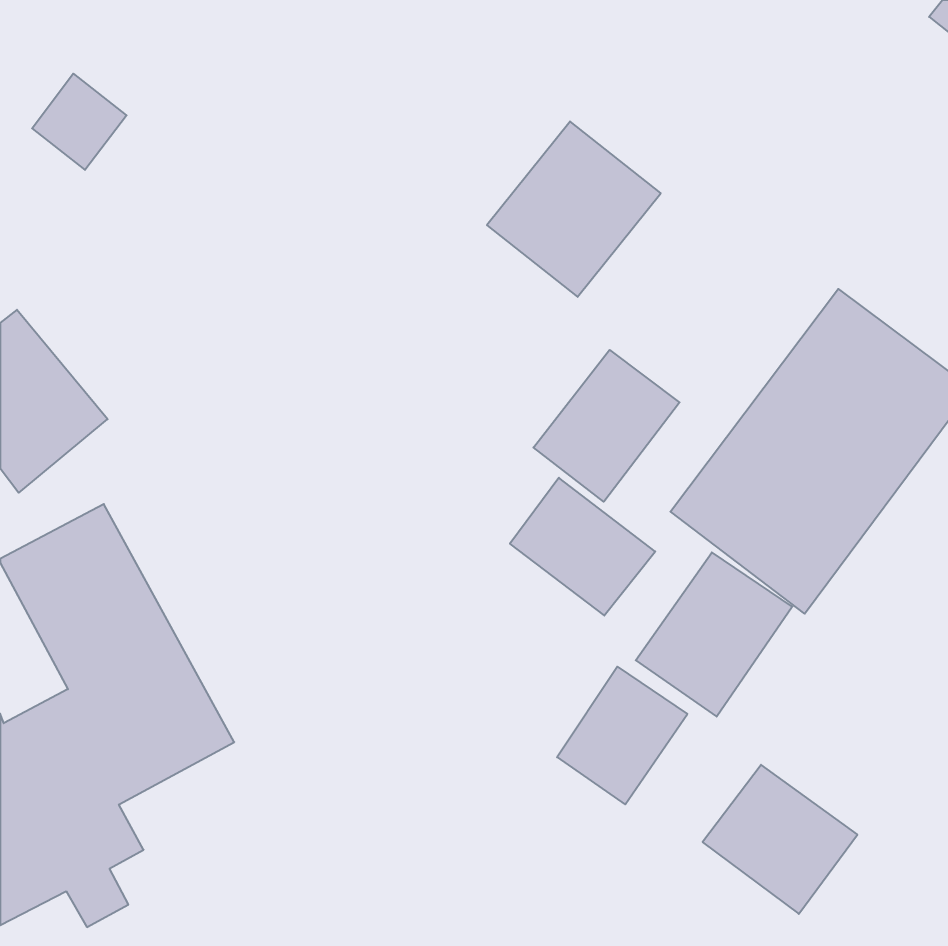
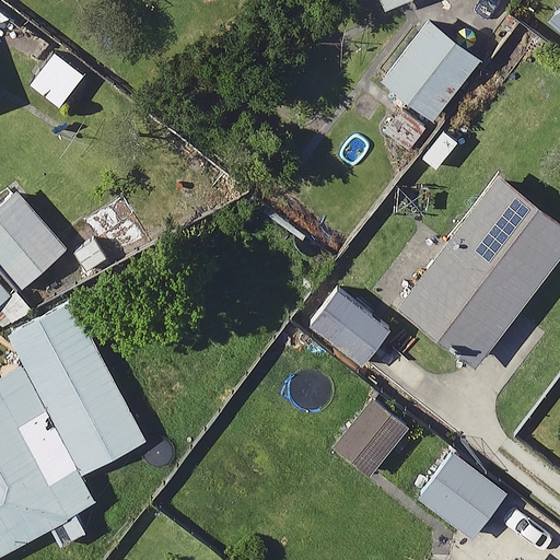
building: [487,121,661,297] -> [377,21,478,122]
building: [533,350,680,502] -> none
building: [636,552,792,717] -> none

